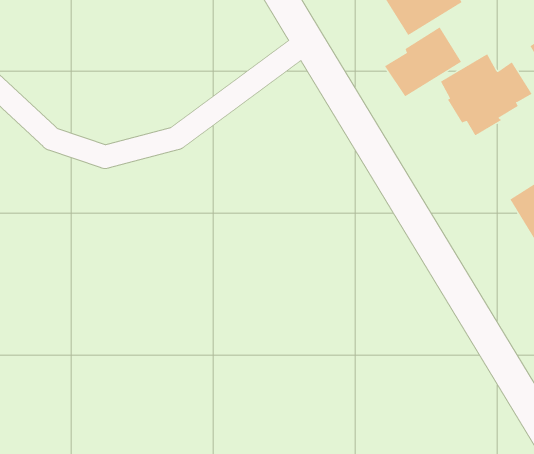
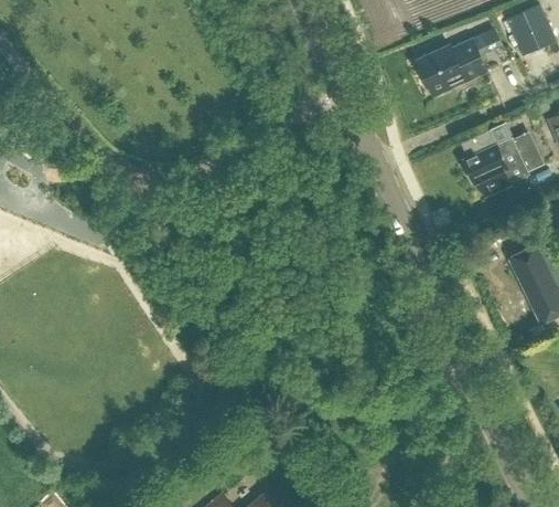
building: [384,25,462,97] -> none

